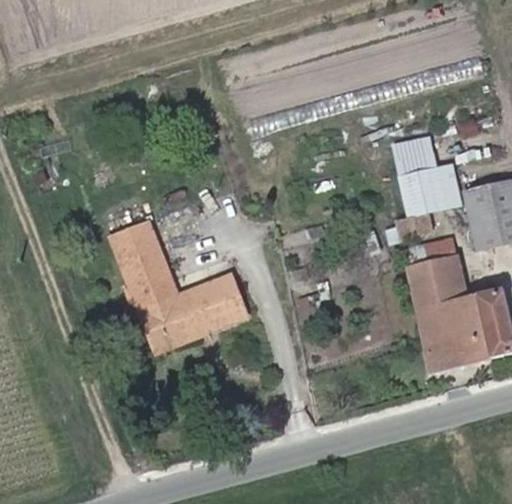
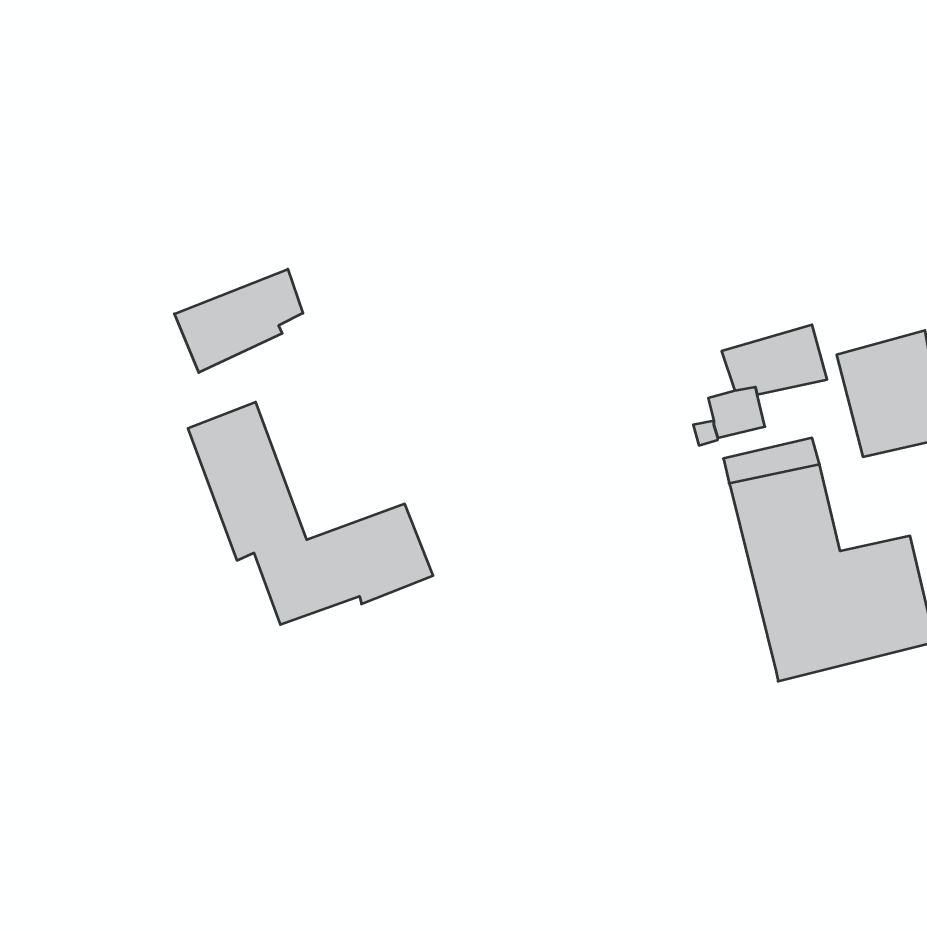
building: [392,142,449,193] -> none
building: none -> [174,269,303,373]
building: [144,300,212,351] -> none

